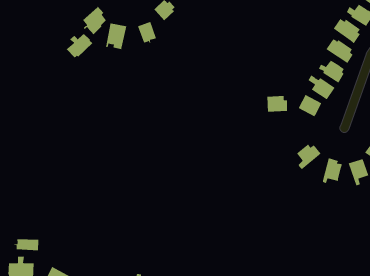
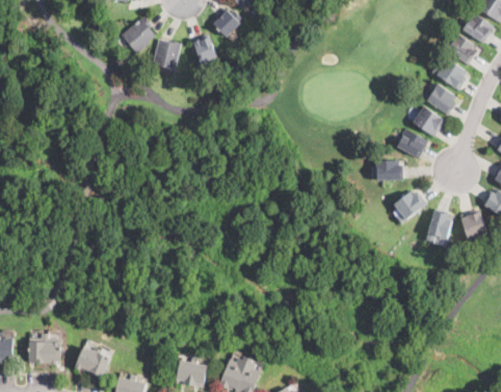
building: [66,33,94,59] -> none
building: [266,96,288,112] -> [376,160,403,181]
building: [14,239,39,251] -> none

